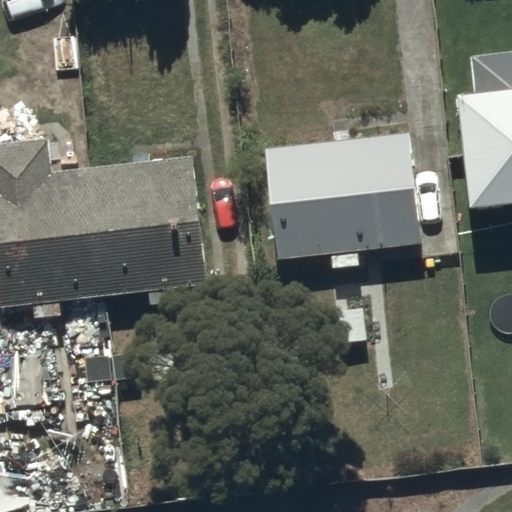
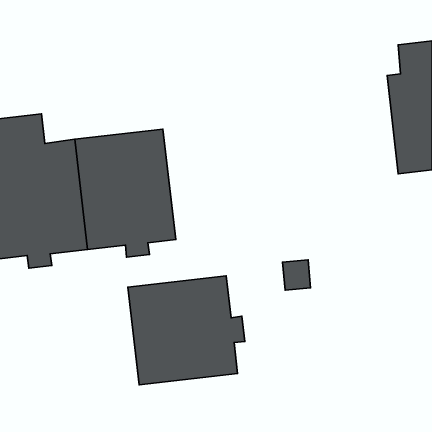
building: [265,131,422,268] -> none
building: none -> [128,276,245,385]

